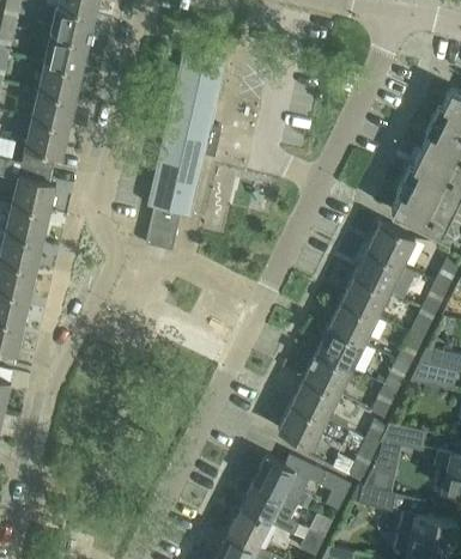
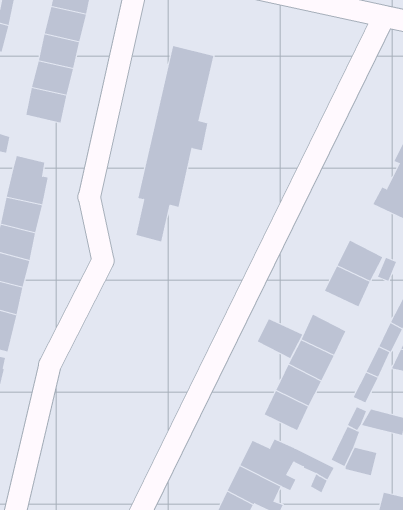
building: [22,121,68,170] -> none
building: [366,224,414,268] -> none
building: [328,303,376,345] -> [257,318,303,359]

